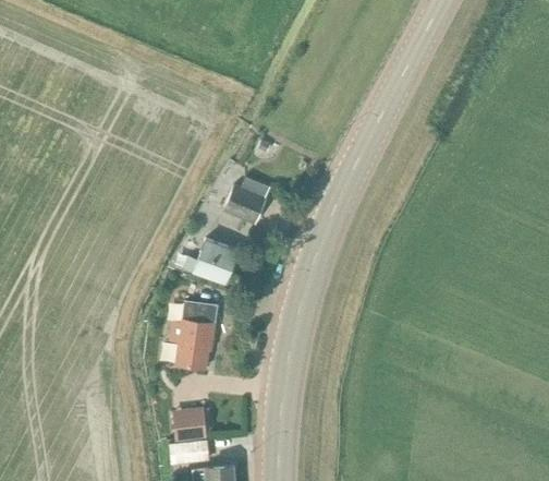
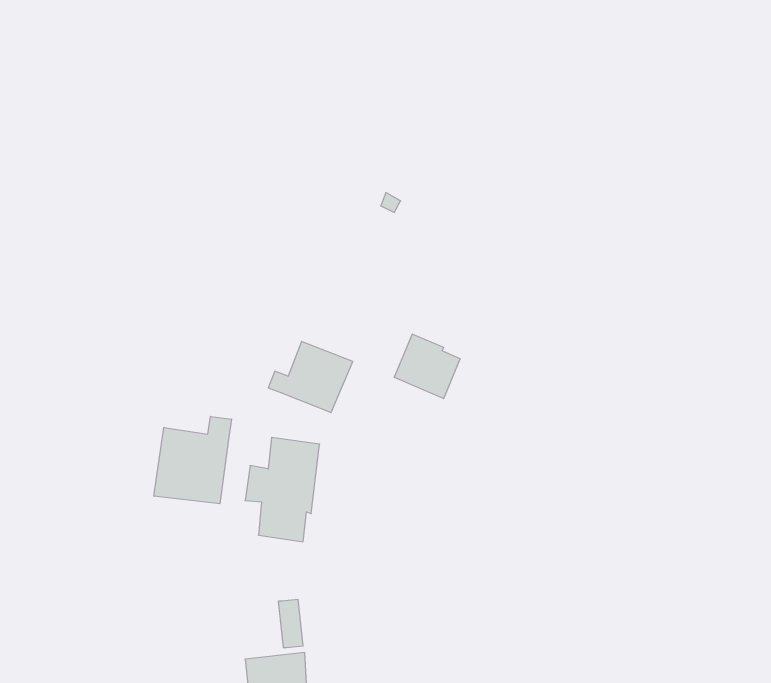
building: [222,181,266,224] -> [394,334,460,399]
building: none -> [154,416,232,504]

